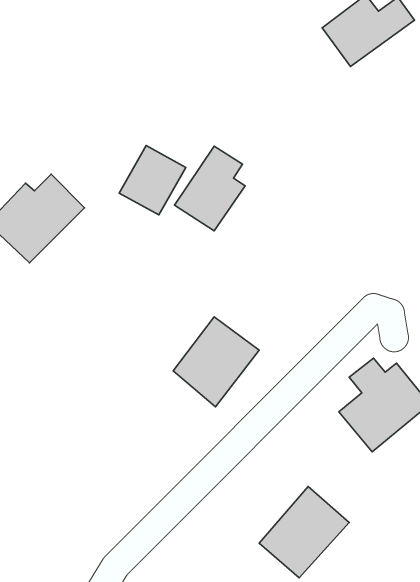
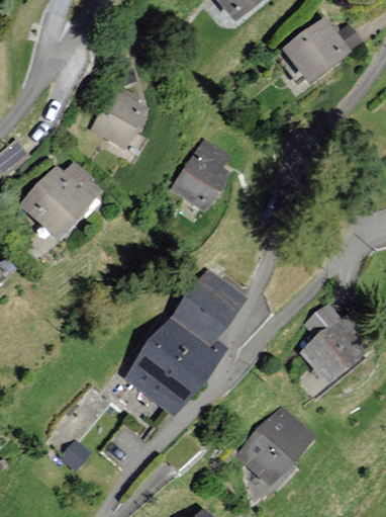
building: [119,146,186,215] -> [91,91,143,146]
building: none -> [124,319,215,412]

